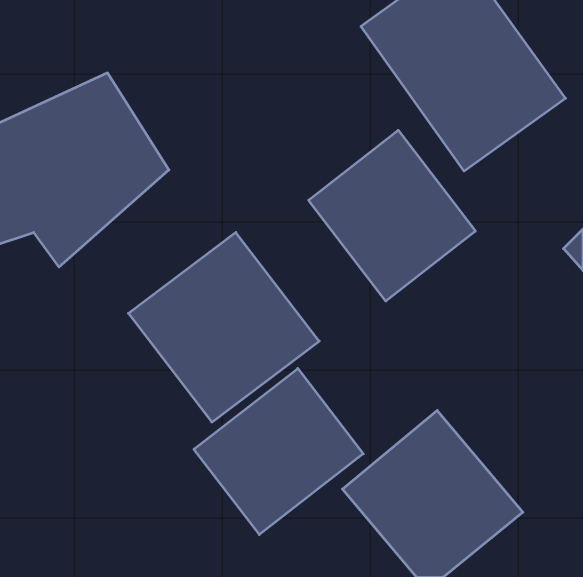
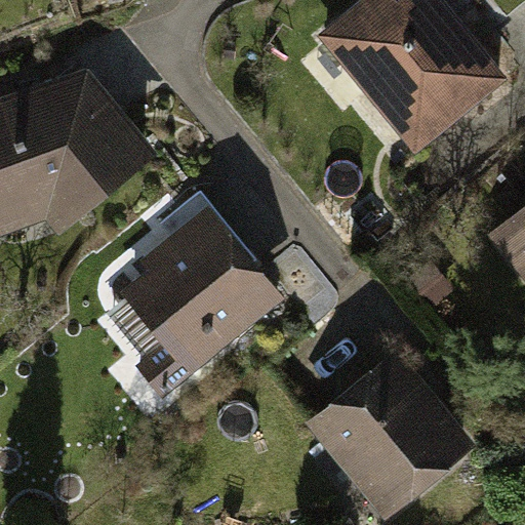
building: [309,130,475,301] -> none
building: [194,368,363,535] -> none

